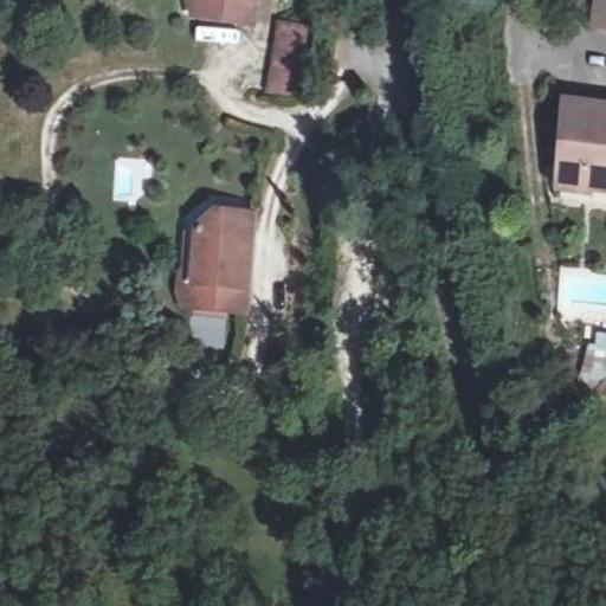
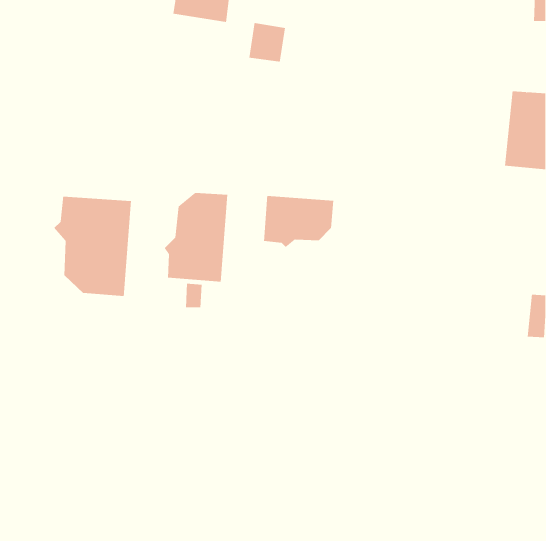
building: none -> [264,195,334,248]
building: none -> [54,196,131,297]

